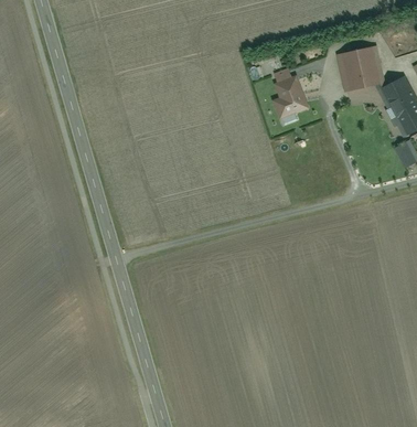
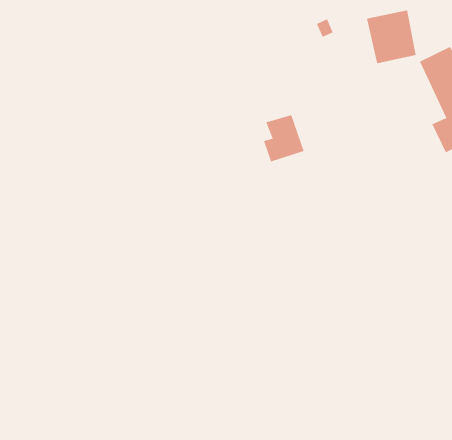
building: [272,76,309,118] -> [263,115,305,162]

